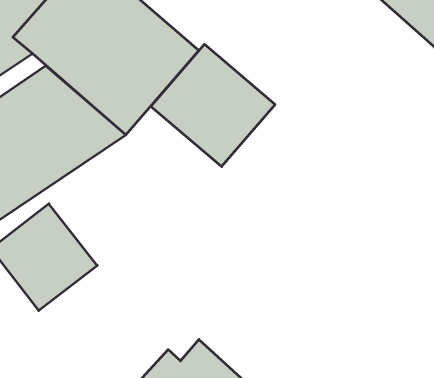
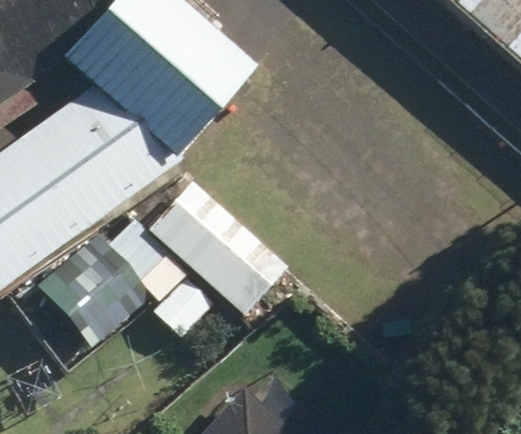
building: [151,44,275,167] -> none
building: none -> [148,181,285,313]

